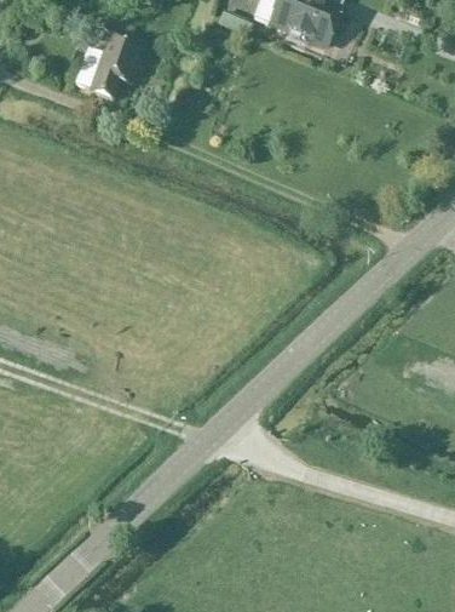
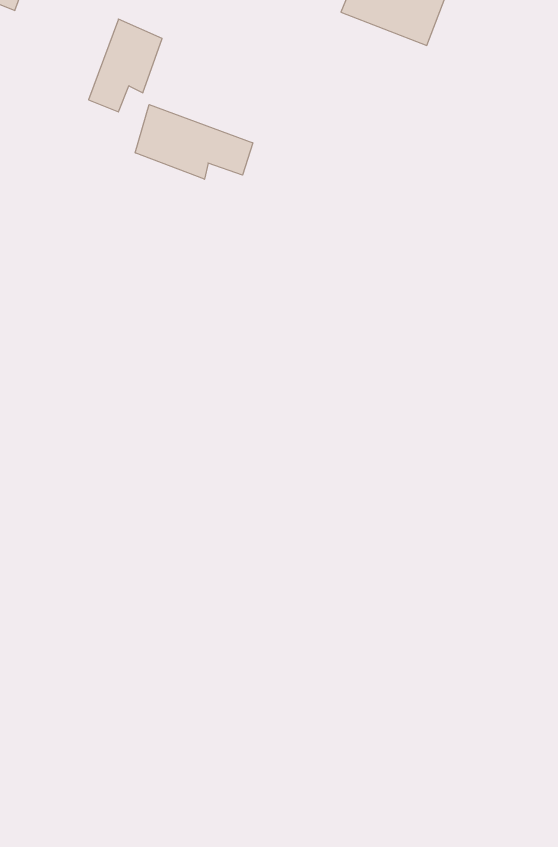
building: none -> [135,105,253,179]

